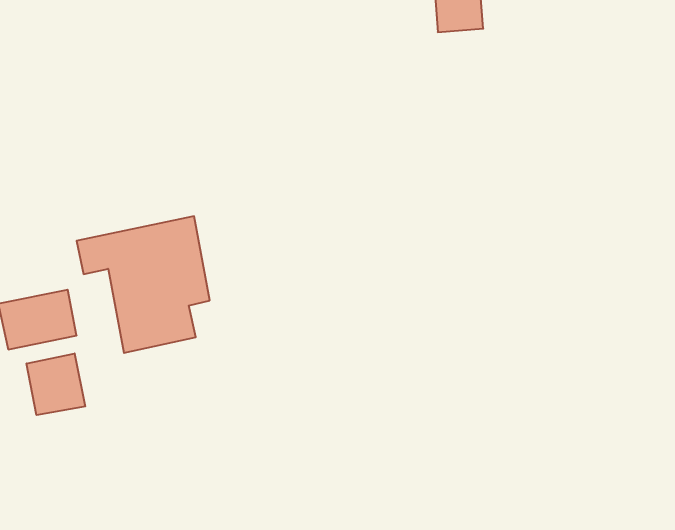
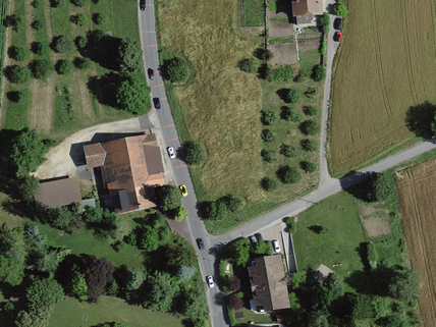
building: [27,353,85,415] -> none
building: none -> [248,257,288,310]

